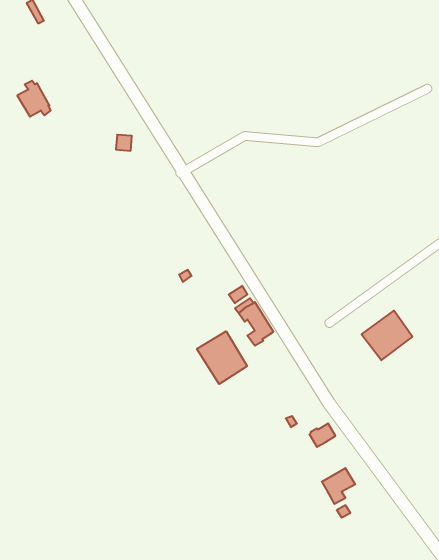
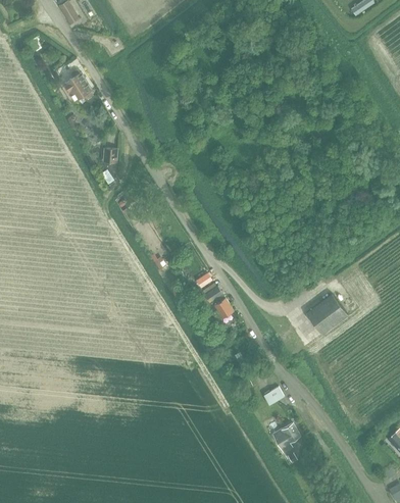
building: [17,81,51,117] -> [65,69,93,99]
building: [197,331,247,384] -> none

